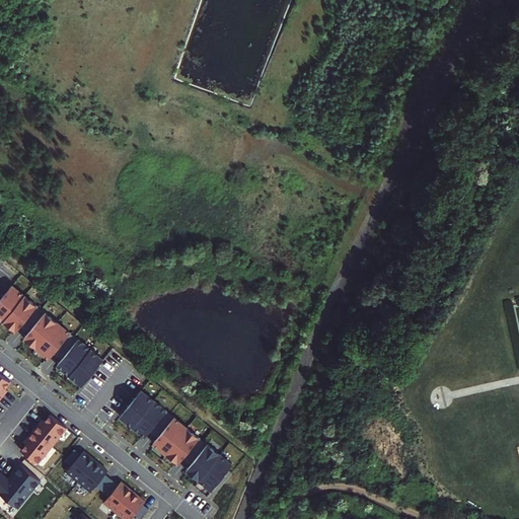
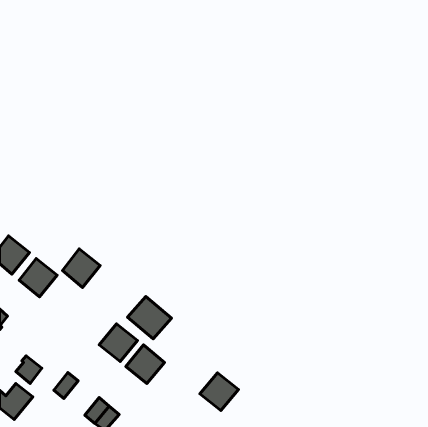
building: [55,340,100,386] -> [62,249,100,287]
building: none -> [128,297,172,339]
building: [31,416,65,447] -> none
building: [184,446,231,492] -> [200,373,238,411]
building: [77,462,106,494] -> none

